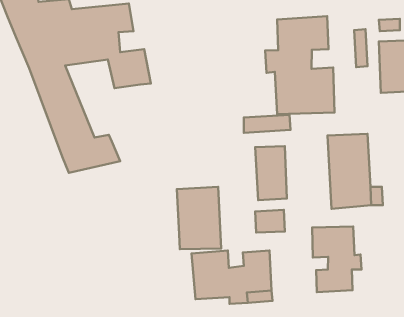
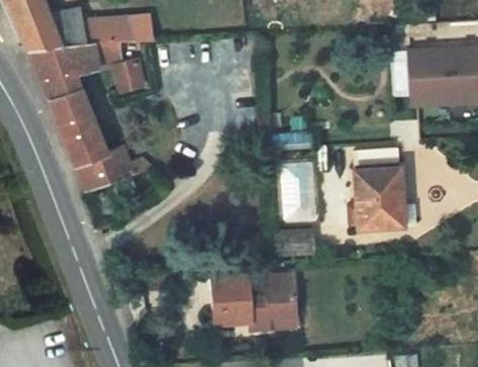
building: [265,16,335,114] -> none
building: [177,187,221,249] -> none
building: [312,227,361,292] -> none

